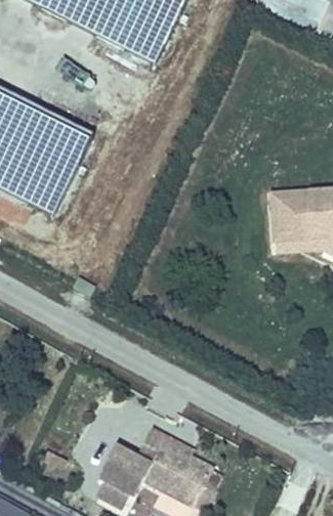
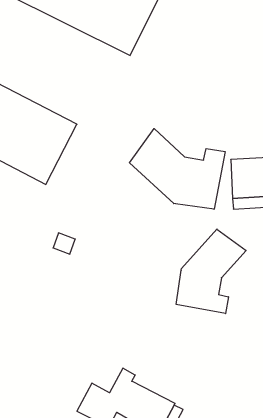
building: none -> [129,129,225,209]
building: none -> [176,229,246,314]

